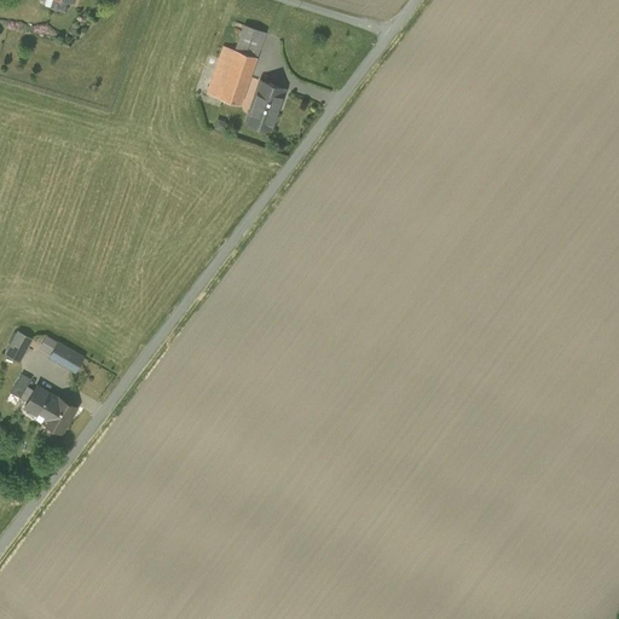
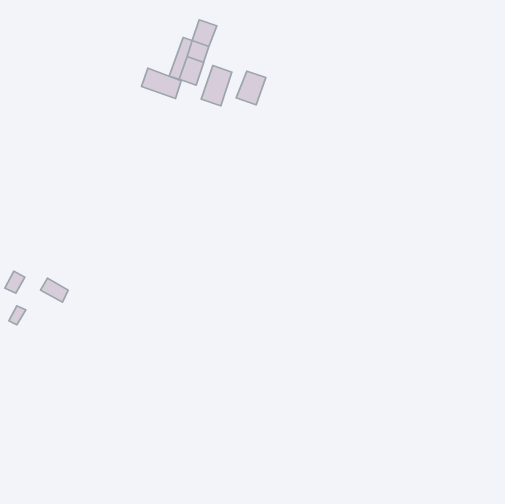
building: none -> [141,68,181,98]
building: none -> [236,71,266,105]
building: [24,388,76,435] -> none

